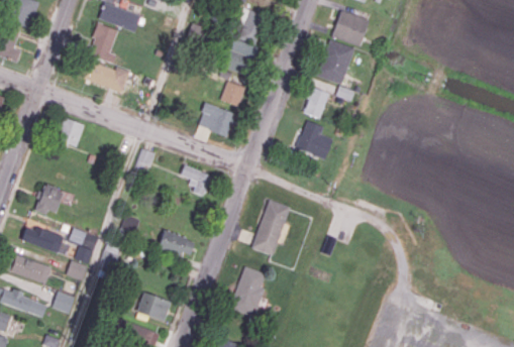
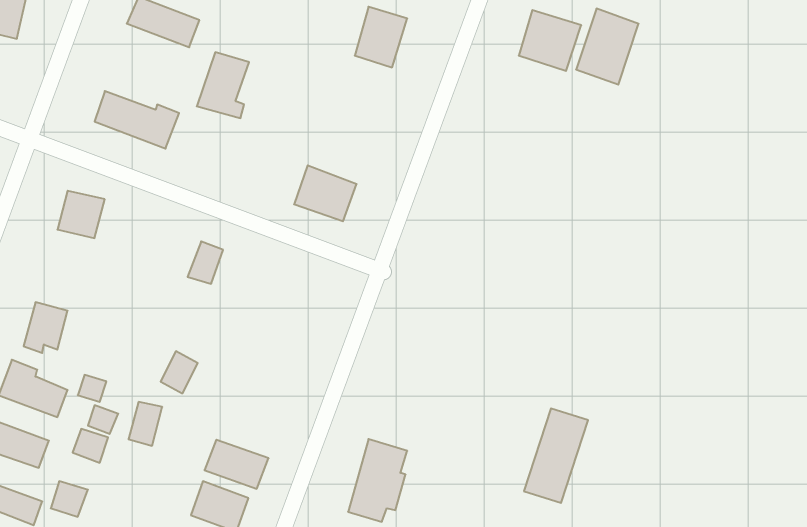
building: [87,23,118,63] -> [197,52,249,118]
building: [221,37,259,76] -> none
building: [317,39,354,85] -> [576,9,639,85]
building: [220,81,245,107] -> none
building: [304,87,329,119] -> none
building: [297,121,332,159] -> none
building: [181,165,211,194] -> none
building: [251,200,290,256] -> [524,408,588,503]
building: [158,230,196,259] -> [204,440,269,489]

